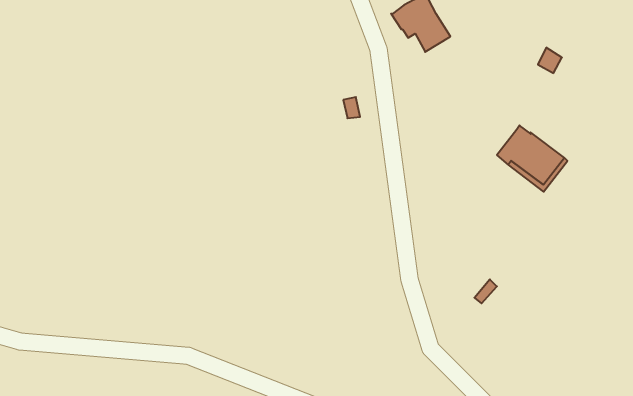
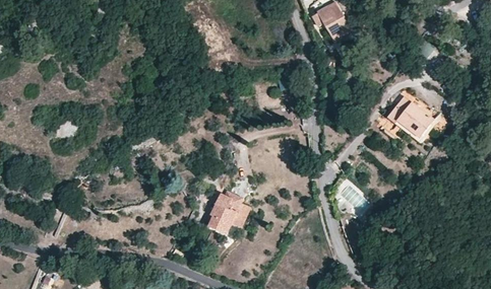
building: none -> [207,190,251,235]

